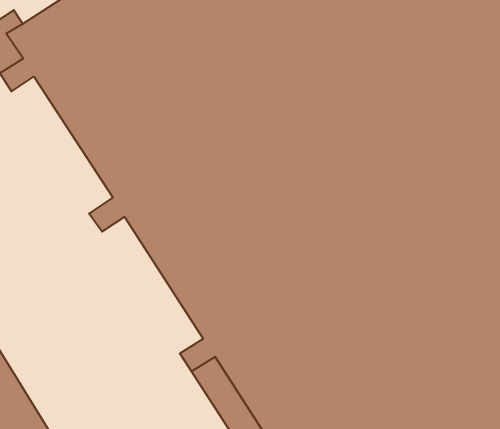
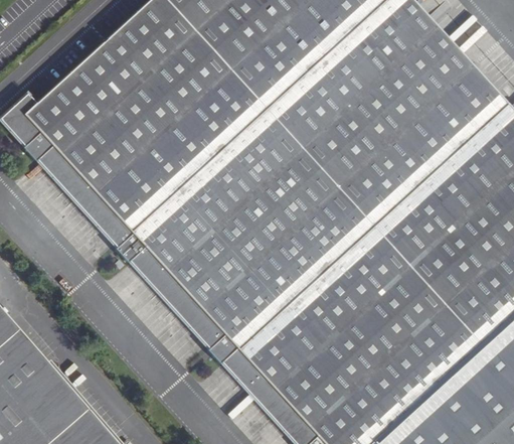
building: none -> [36,146,133,250]
building: none -> [129,248,225,351]

